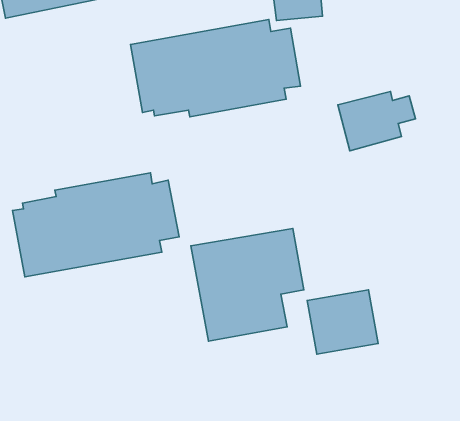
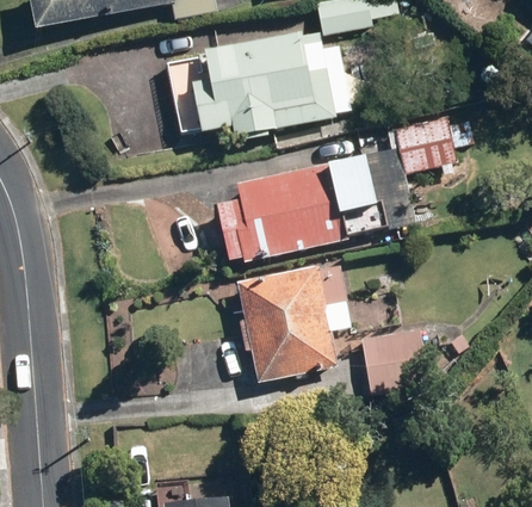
building: none -> [210,156,376,262]
building: [13,173,179,277] -> none

